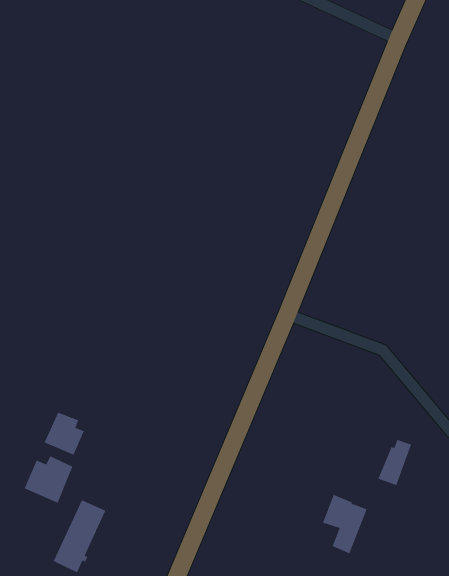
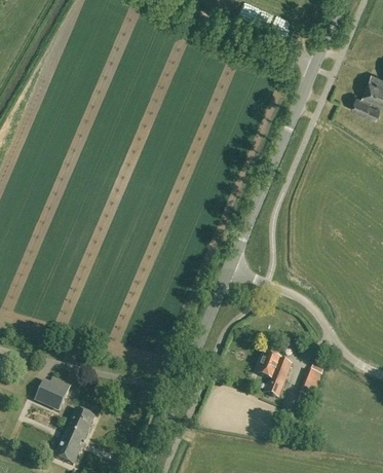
building: [44,412,84,455] -> none
building: [322,494,368,554] -> [259,352,293,397]

